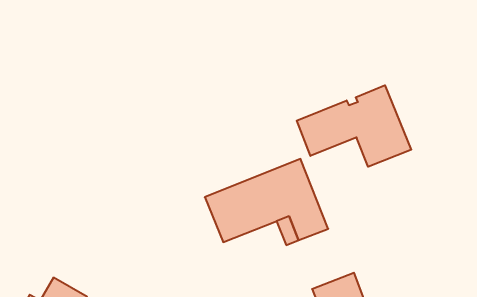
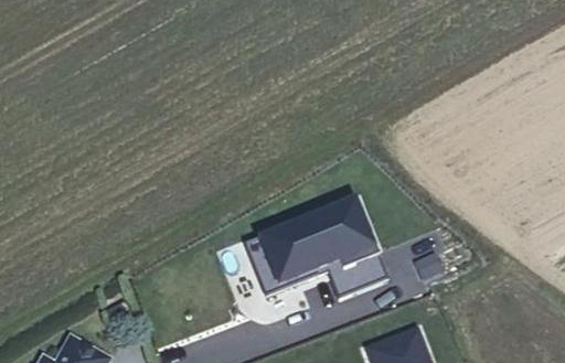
building: [297,85,411,167] -> none

